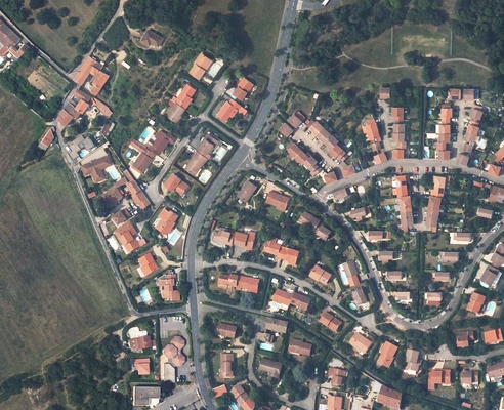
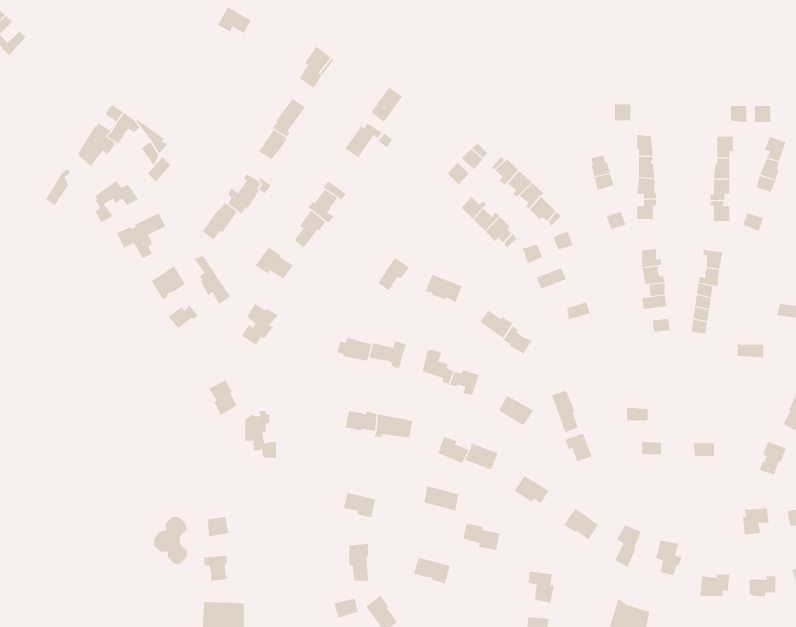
building: [74,56,109,96] -> none
building: [113,220,138,251] -> none
building: [163,337,183,366] -> [153,516,187,564]

